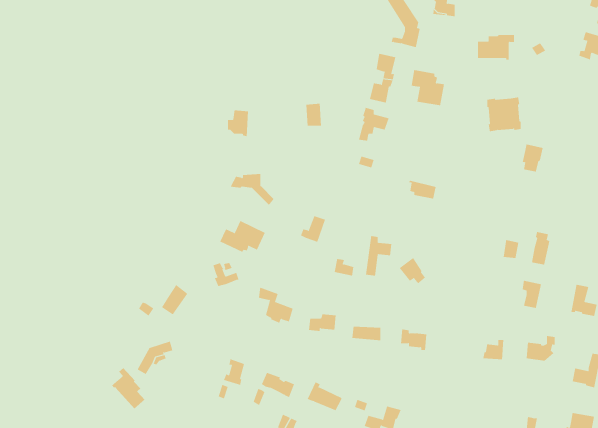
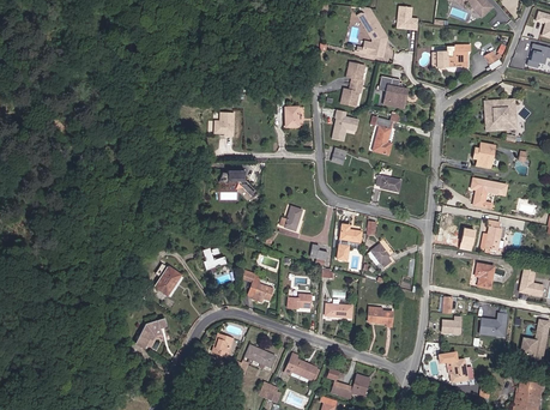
building: [487,97,522,132] -> [484,100,515,131]
building: none -> [370,116,392,155]
building: none -> [471,179,506,209]
building: [220,220,265,252] -> none
building: [111,367,145,410] -> none
building: none -> [437,352,472,382]

